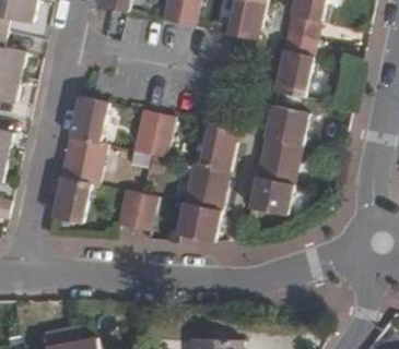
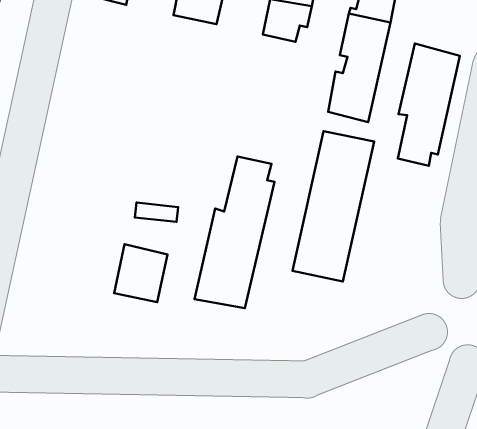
building: none -> [398,44,460,166]
building: [54,94,107,219] -> none
building: [133,107,174,153] -> none

